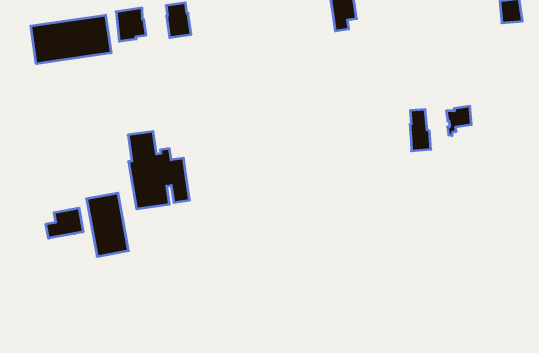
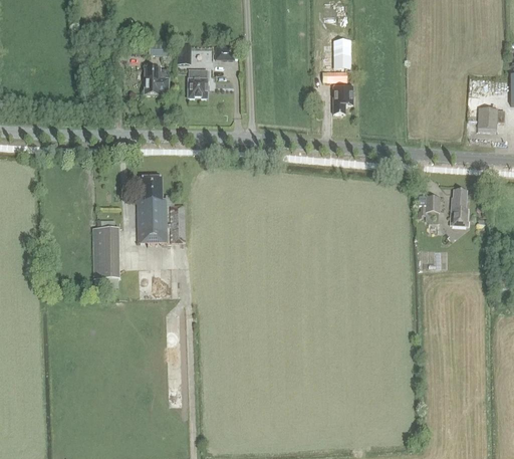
building: [31,15,111,64] -> none
building: [410,110,431,151] -> [448,189,466,225]
building: [46,208,83,238] -> none

